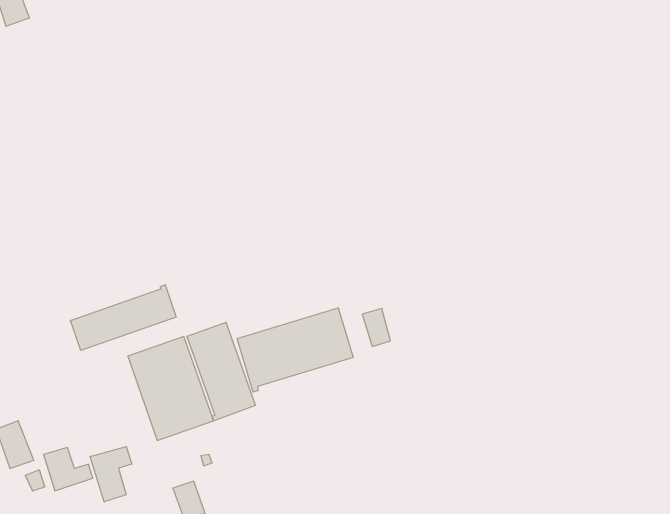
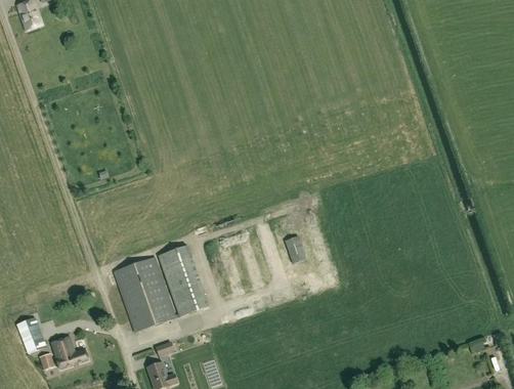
building: [70,285,176,350] -> none
building: [237,308,353,392] -> none
building: [90,447,132,502] -> none

